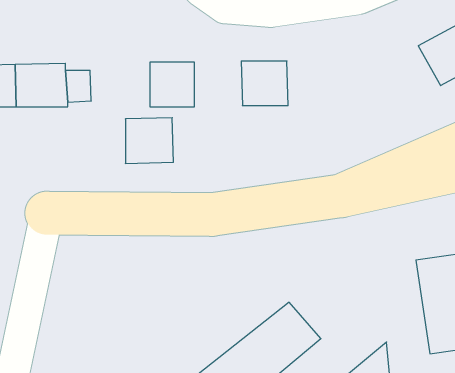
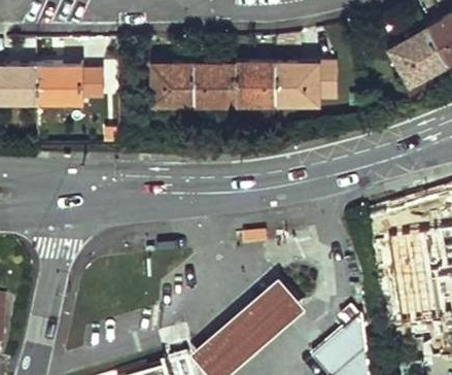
building: none -> [275,64,336,104]
building: [125,118,173,163] -> [194,65,236,105]

